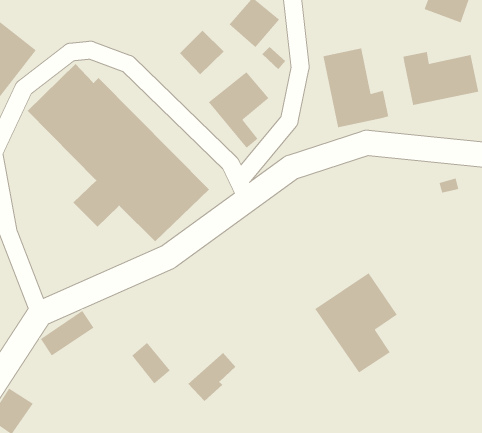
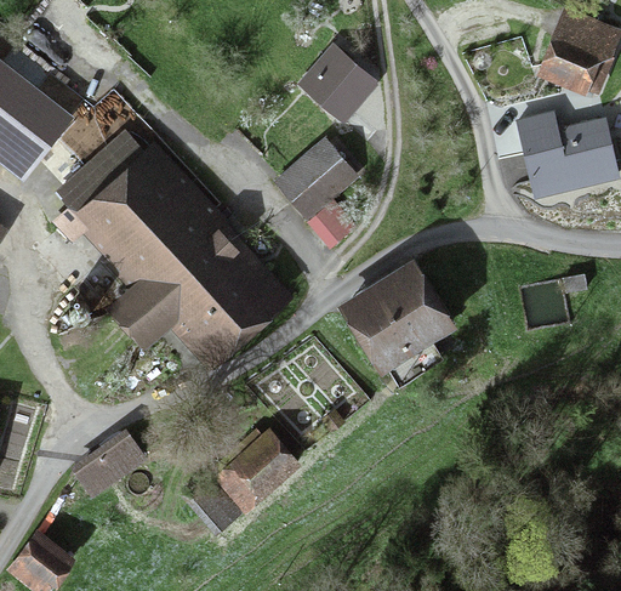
building: [179,30,224,75] -> none
building: [322,48,389,128] -> none
building: [314,272,398,374] -> [346,263,448,387]
building: [188,352,236,402] -> [223,447,283,507]

